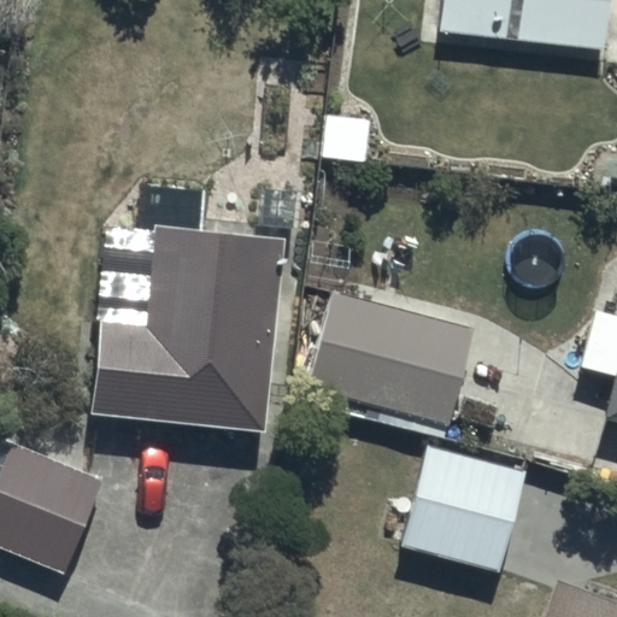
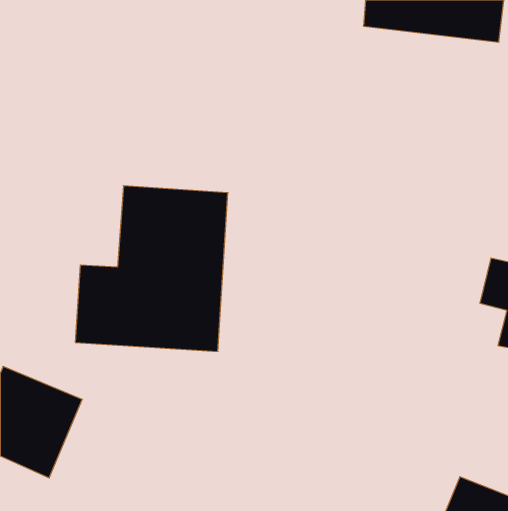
building: [310,289,474,427] -> none
building: [398,443,525,572] -> none

